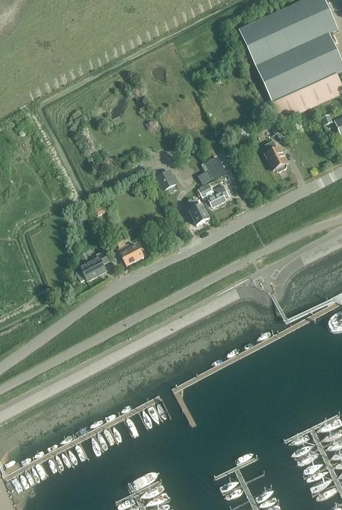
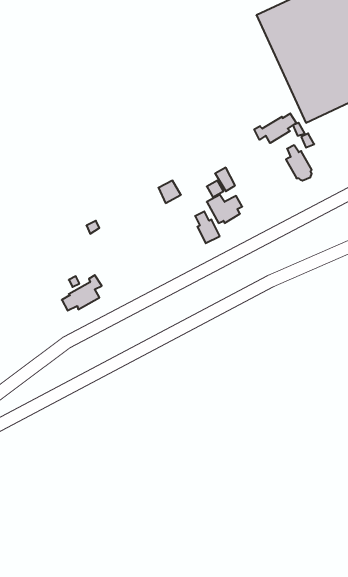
building: none -> [254,113,296,143]
building: [115,234,143,263] -> none

